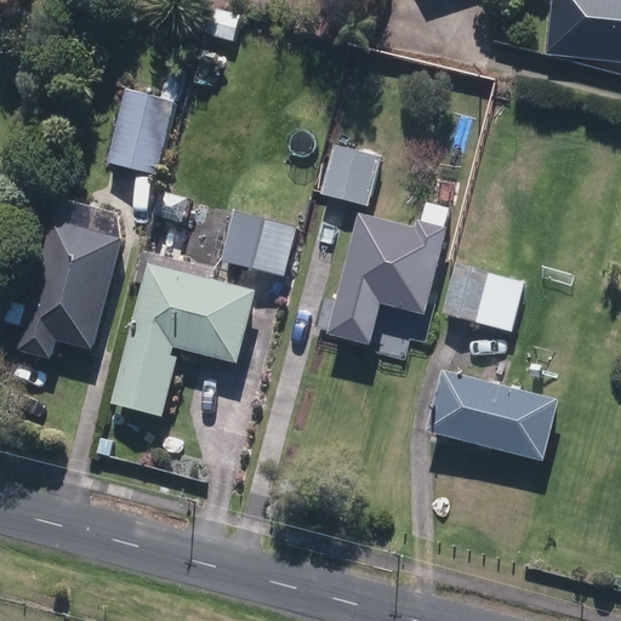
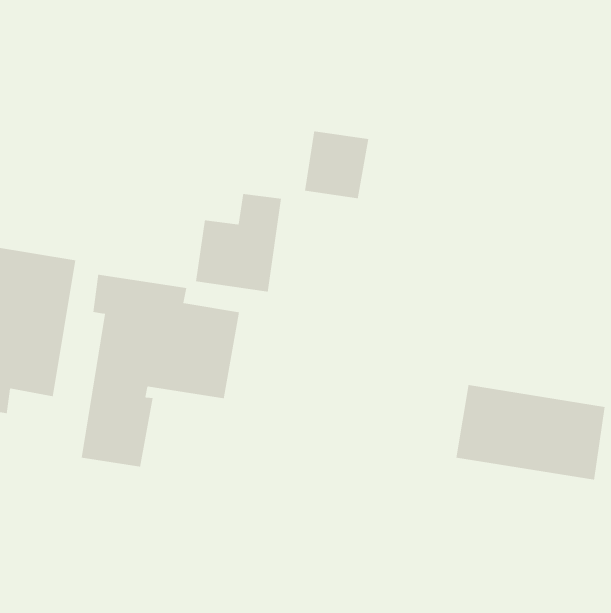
building: [108,69,182,173] -> none
building: [329,213,444,357] -> none
building: [439,266,518,327] -> none

